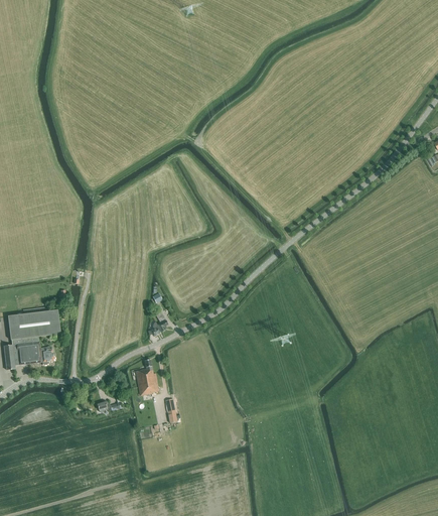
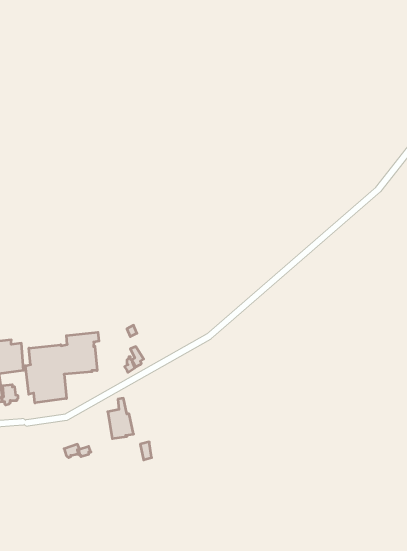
building: none -> [25,332,99,403]

